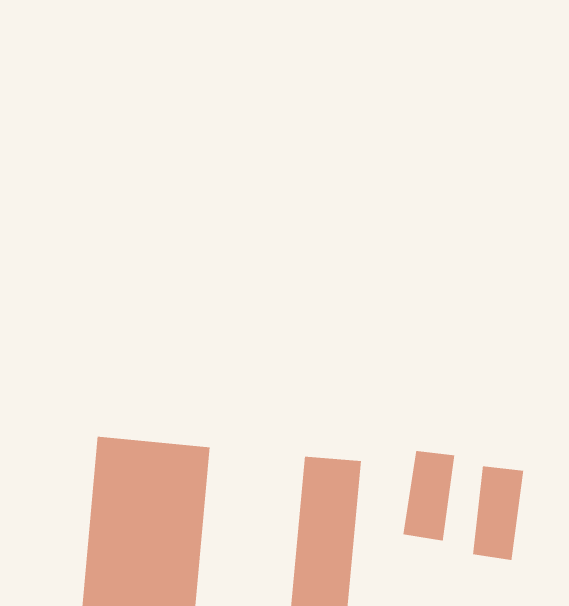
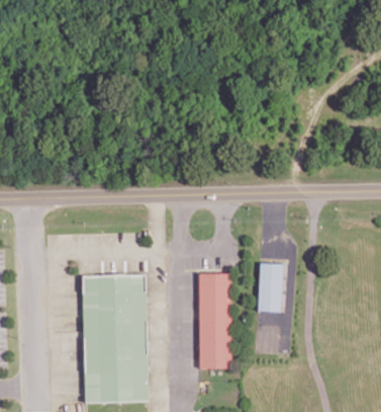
building: [473,466,524,561] -> none

